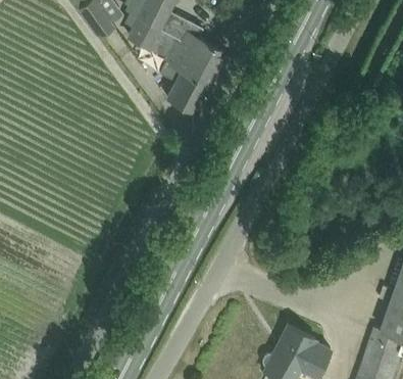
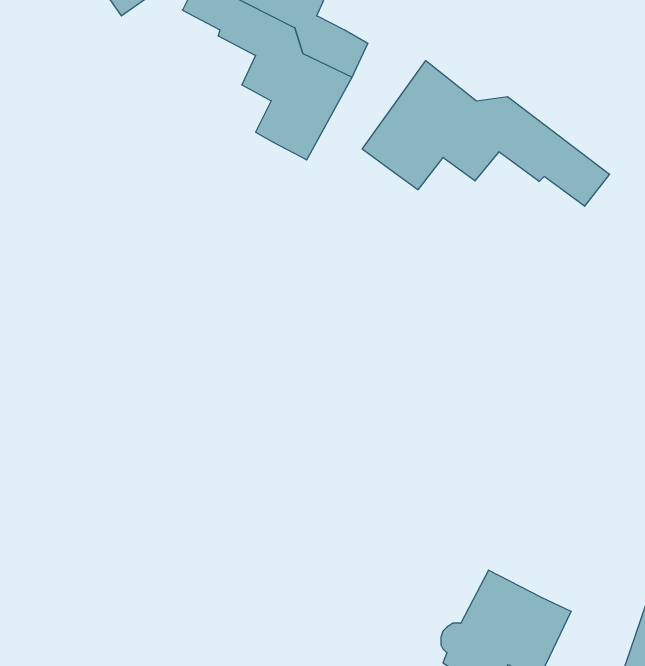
building: none -> [362,61,610,206]

